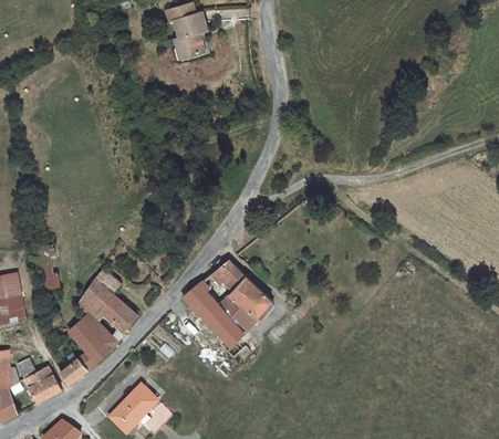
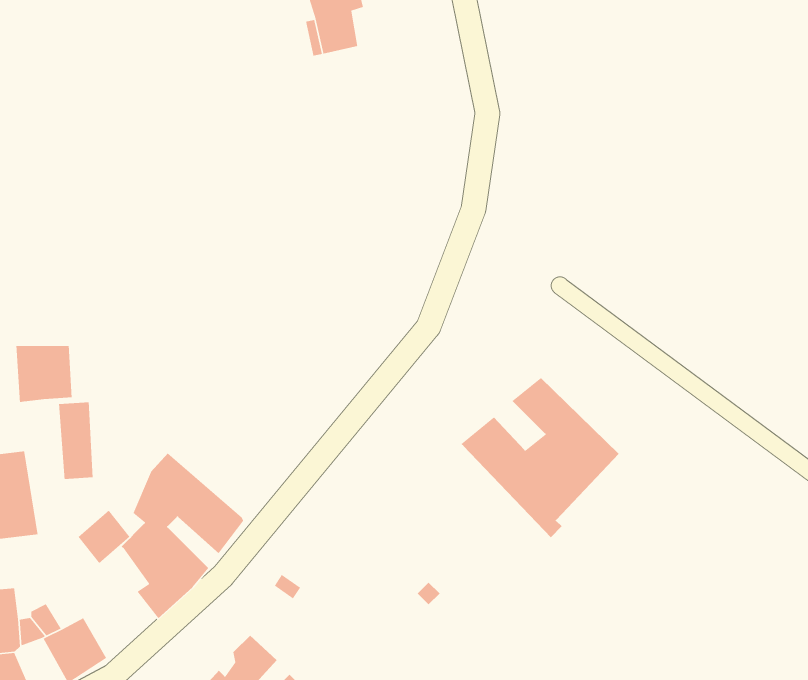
building: none -> [16,345,73,403]
building: [181,261,271,352] -> [461,377,619,538]
building: [60,354,90,385] -> [78,509,130,564]

